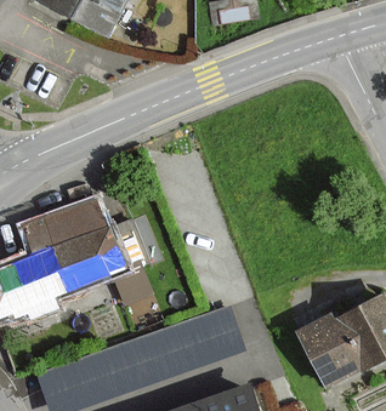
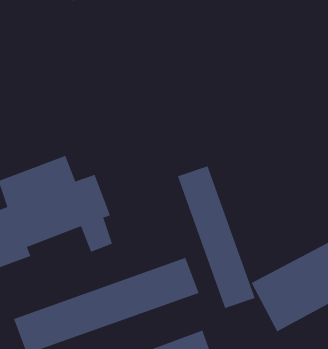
building: none -> [177,165,256,309]

